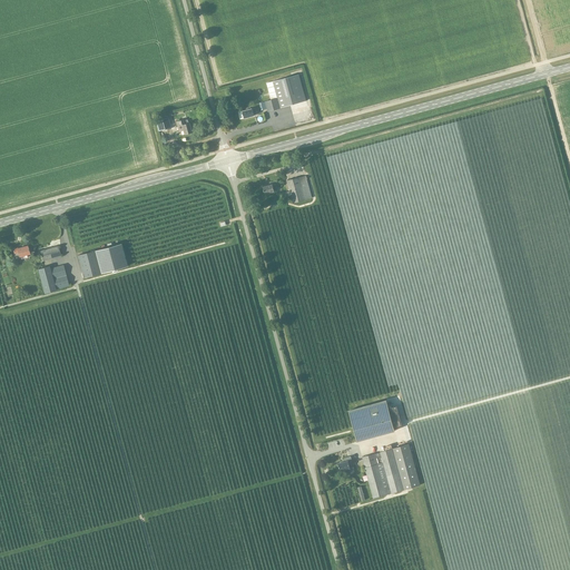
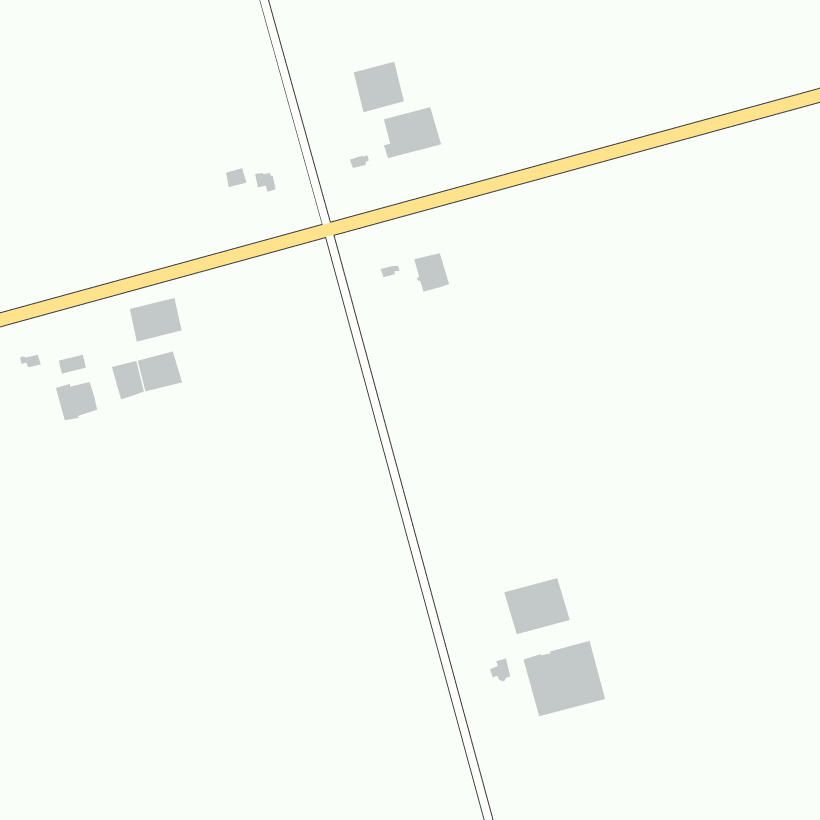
building: none -> [353,61,405,113]
building: none -> [129,297,182,343]

